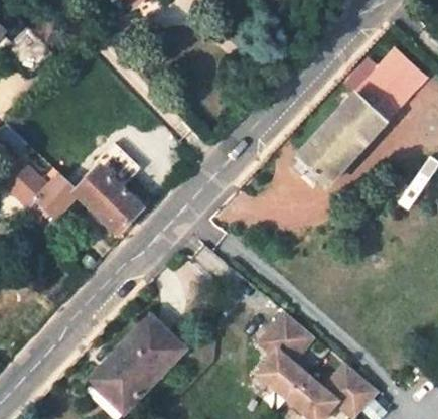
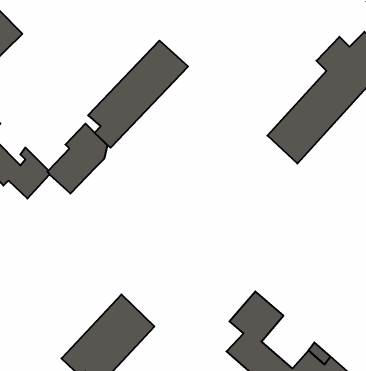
building: none -> [88,41,188,148]
building: [99,187,142,232] -> none

